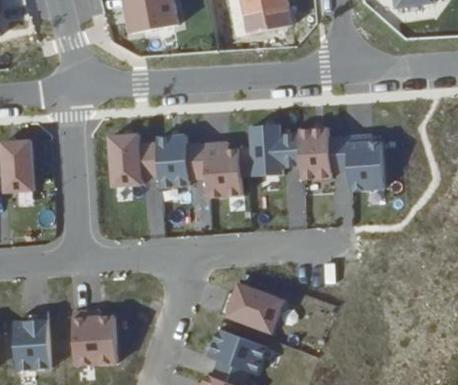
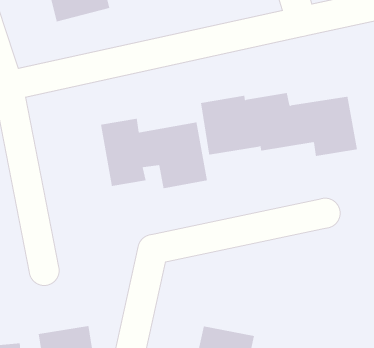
building: [108,135,141,189] -> none
building: [229,285,284,323] -> none

